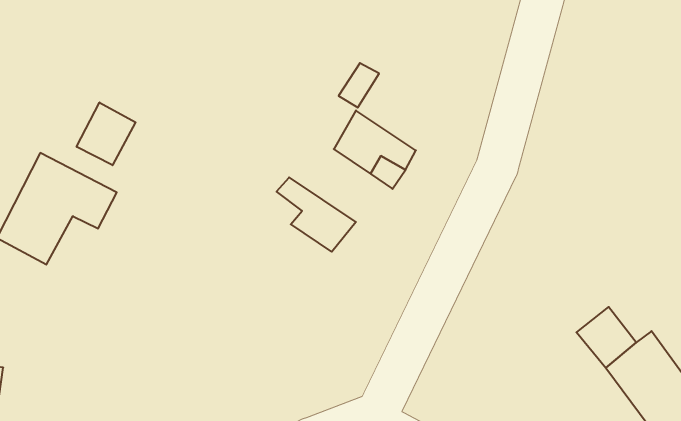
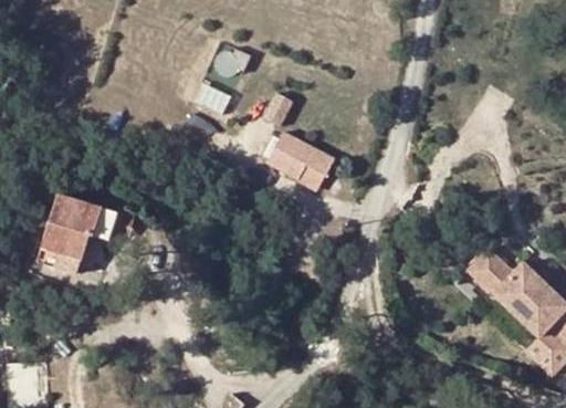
building: [77,102,136,165] -> none
building: [277,177,356,252] -> none

